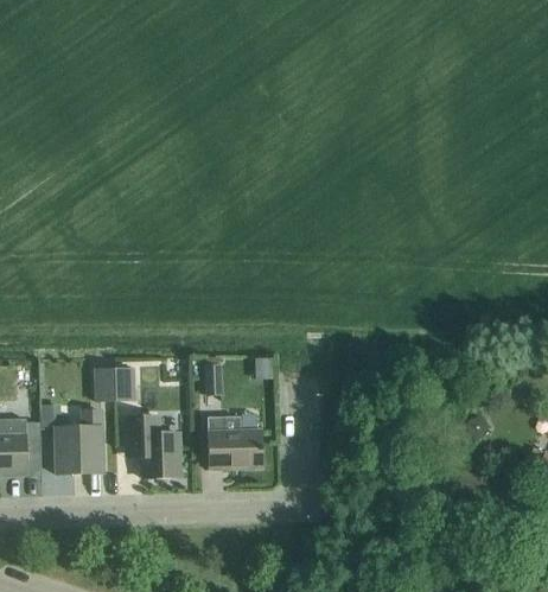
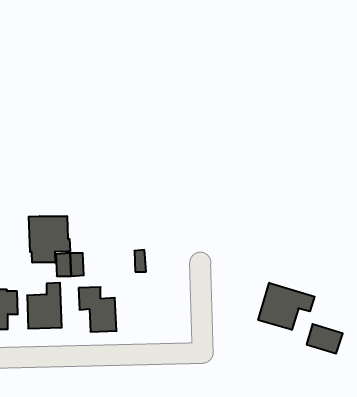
building: none -> [29,216,70,263]
building: none -> [258,283,315,330]
building: [209,415,265,469] -> none

